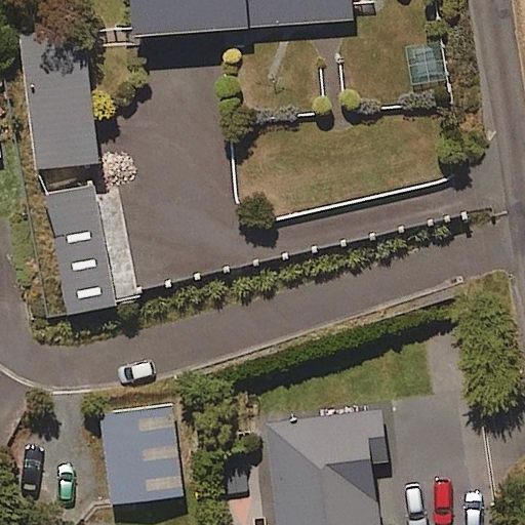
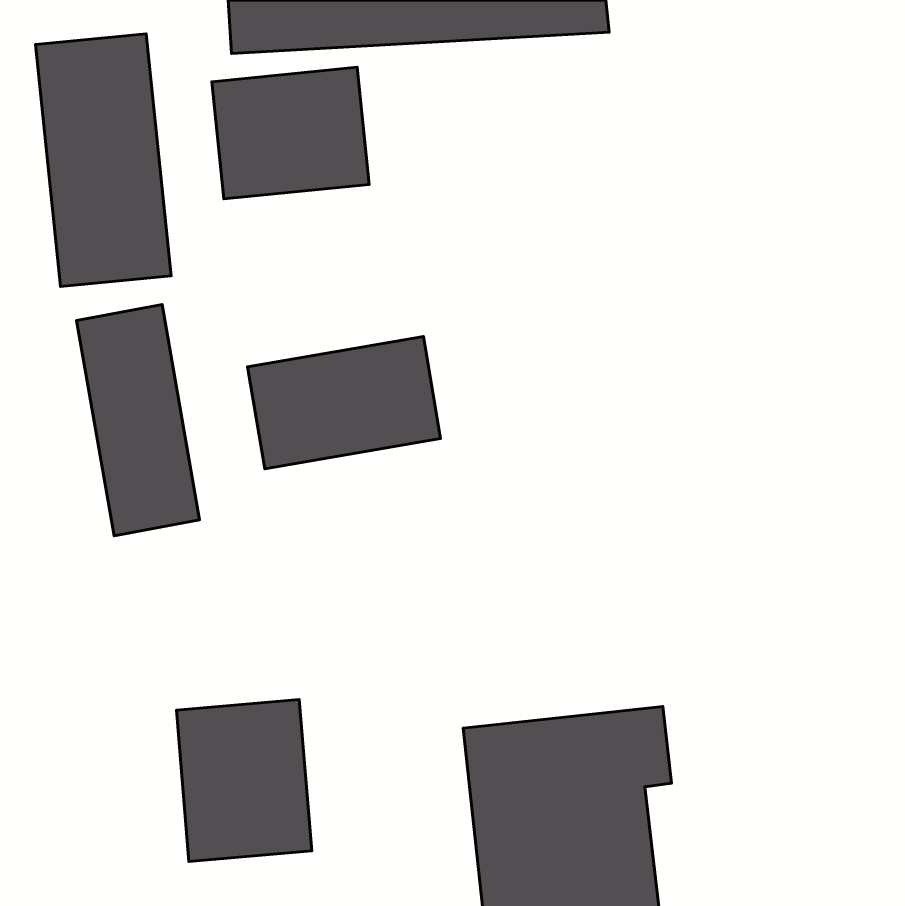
building: none -> [212,67,369,199]
building: none -> [248,336,441,469]

